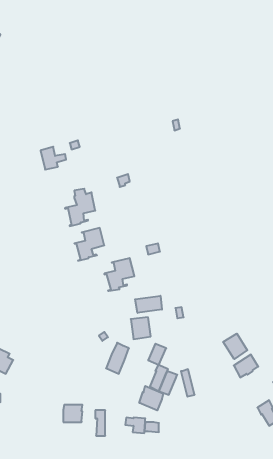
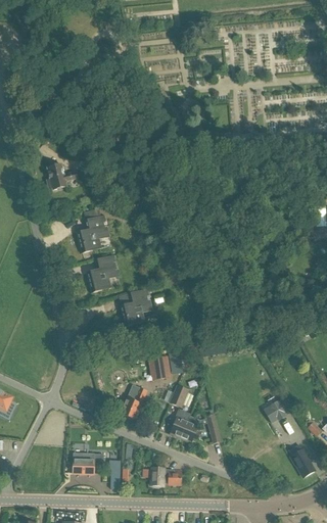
building: [135,296,162,313] -> none
building: [223,334,247,359] -> none
building: [139,386,163,410] -> none

